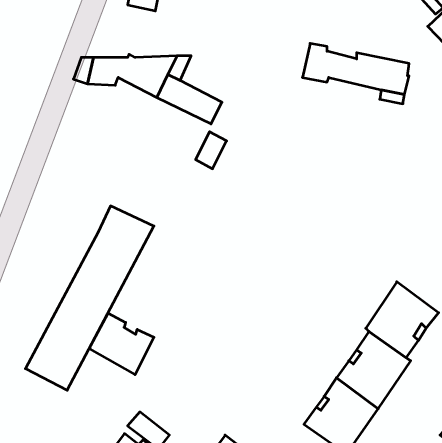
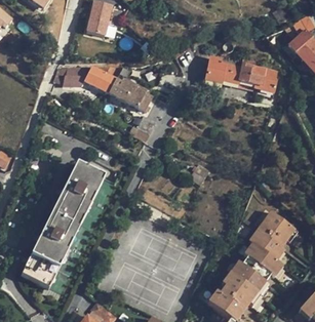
building: [90,313,154,375] -> none

